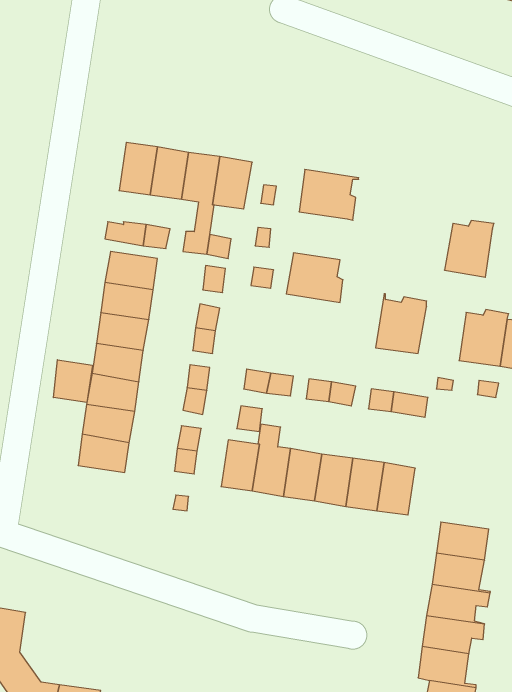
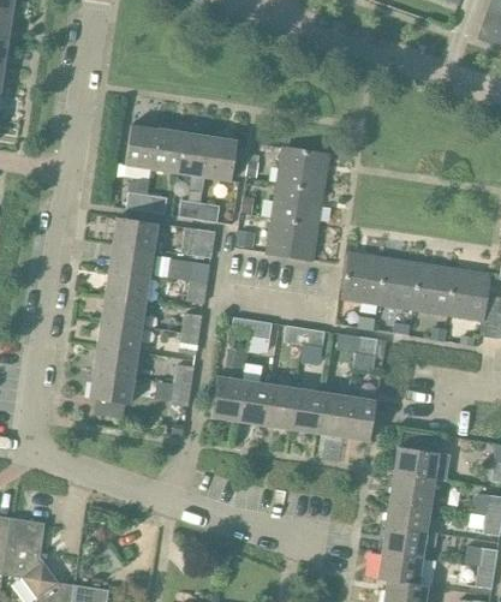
building: none -> [273,183,321,225]
building: [444,221,494,277] -> [378,261,421,309]
building: [53,360,92,403] -> none

